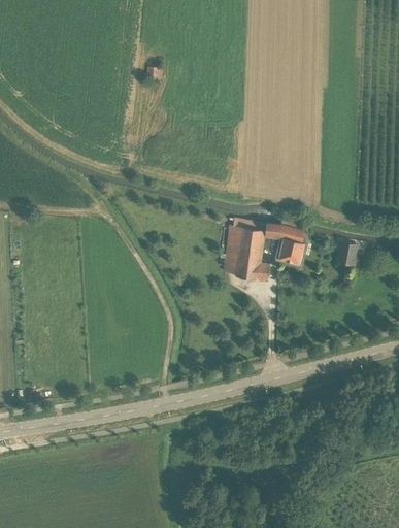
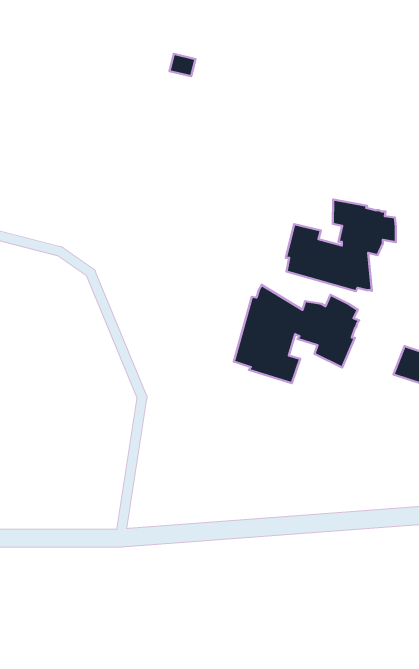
building: none -> [286,199,396,291]

